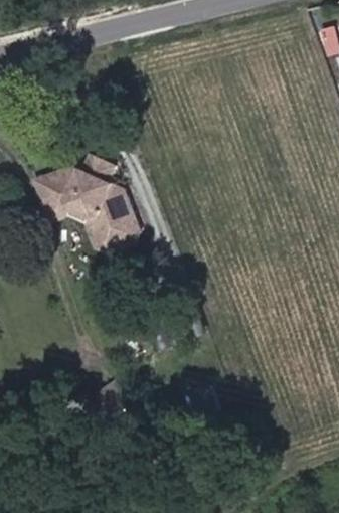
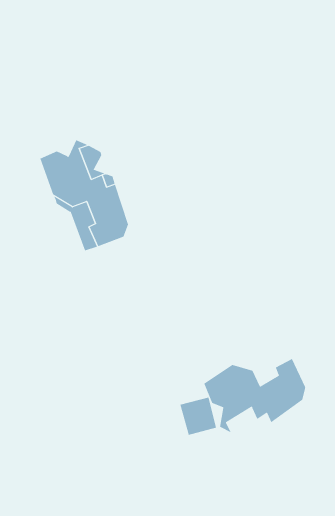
building: [37,171,72,215] -> none
building: none -> [203,358,306,433]

